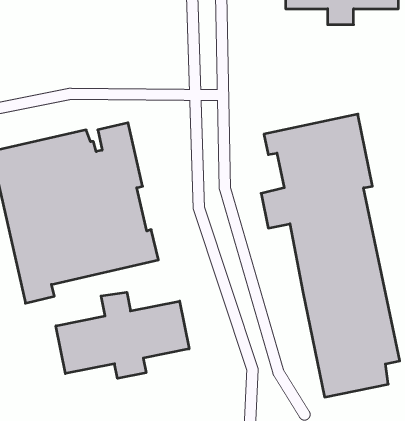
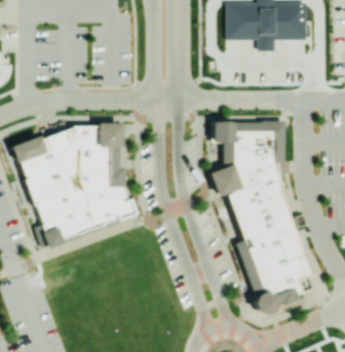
building: [56,292,189,378] -> none

